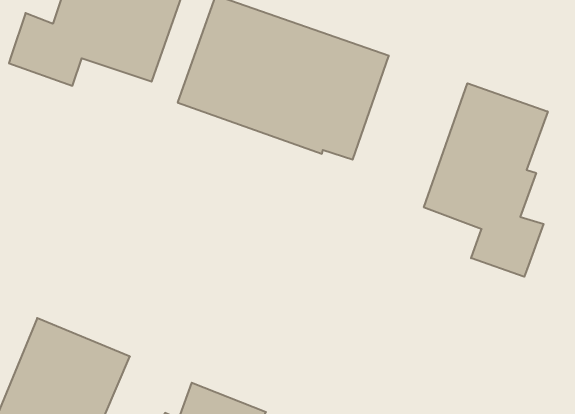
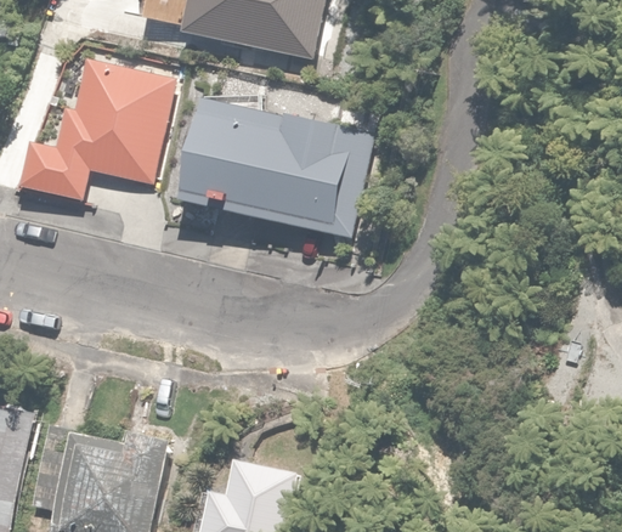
building: [424,83,548,277] -> none

